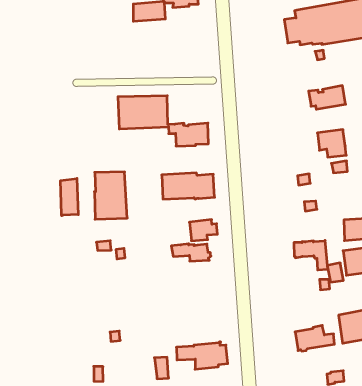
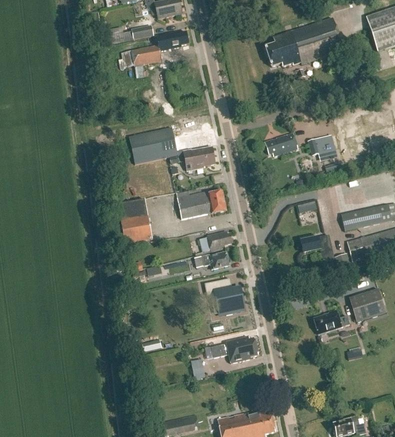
building: [309,86,346,109] -> [264,132,298,156]
building: [61,178,78,216] -> none
building: none -> [206,275,244,313]

